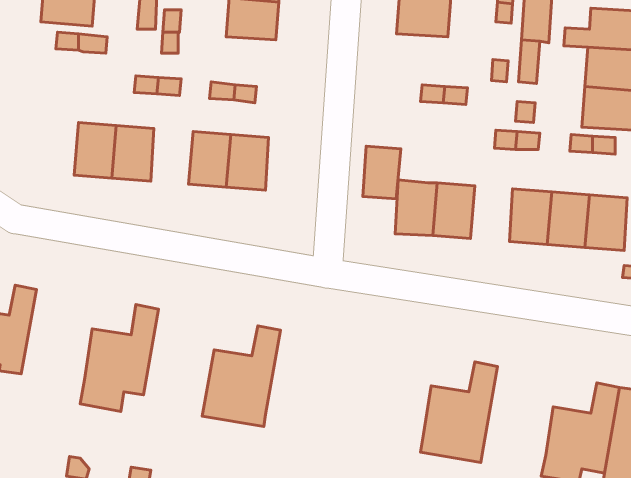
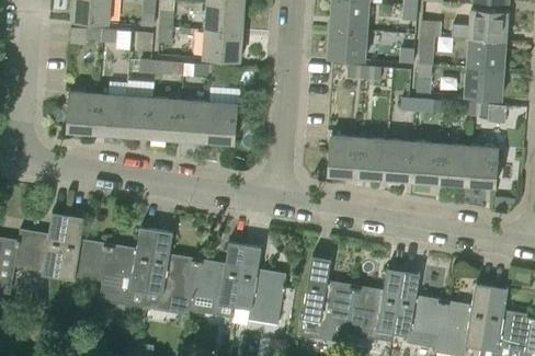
building: none -> [328,28,367,60]
building: none -> [204,31,242,60]
building: none -> [68,91,99,131]
building: none -> [151,97,182,138]
building: [363,146,401,199] -> none
building: none -> [384,139,414,180]
building: none -> [57,215,109,280]
building: none -> [143,229,197,313]
building: none -> [235,244,286,322]
building: none -> [299,255,355,343]
building: none -> [392,271,444,335]

